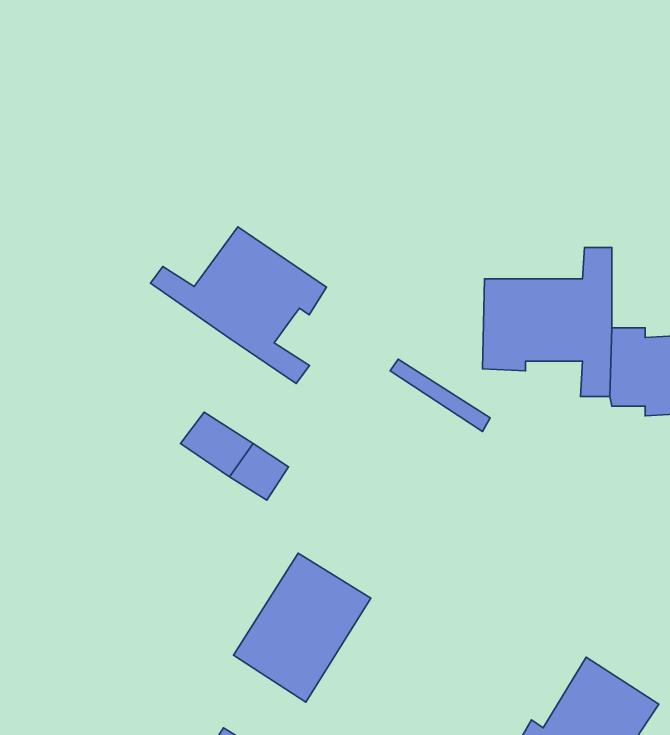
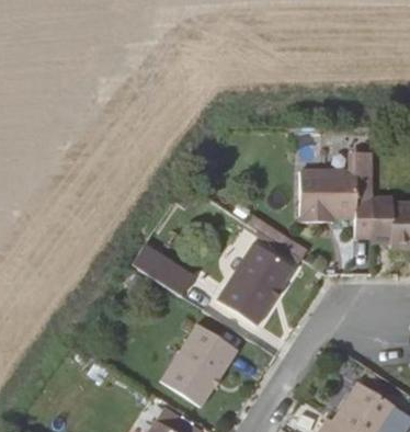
building: [150,227,326,383] -> none
building: none -> [217,242,294,325]

